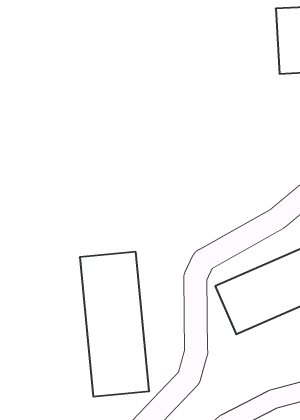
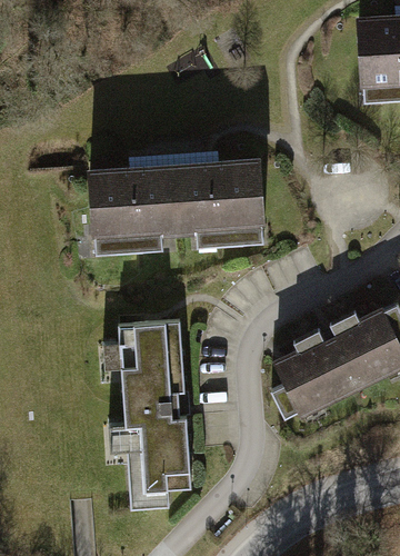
building: none -> [90,160,268,244]

